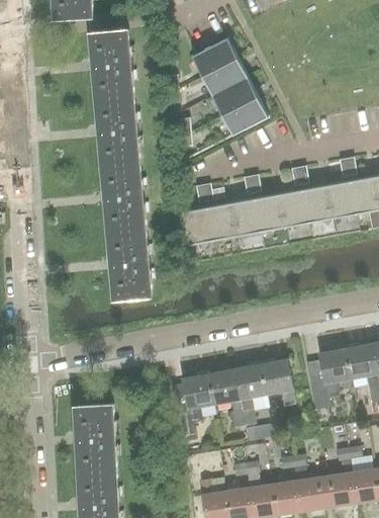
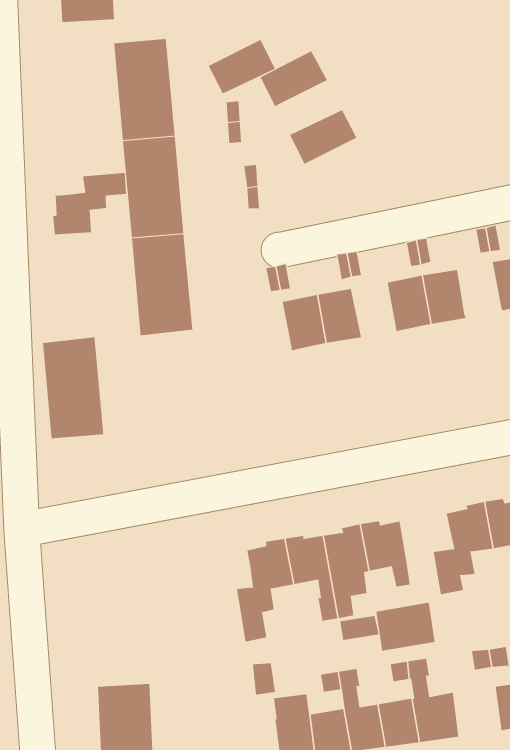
building: [200,58,247,95] -> [208,39,276,94]
building: [220,97,267,136] -> none
building: none -> [53,172,127,235]
building: [324,181,355,219] -> none
building: [253,196,283,234] -> none
building: [181,207,211,246] -> none
building: [108,229,151,298] -> [42,337,104,439]
building: [76,404,115,472] -> none
building: none -> [376,602,435,652]
building: [322,472,355,507] -> none

